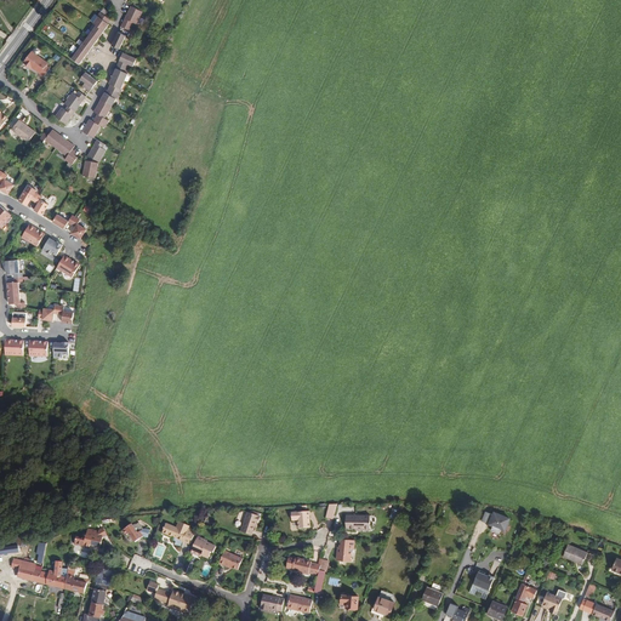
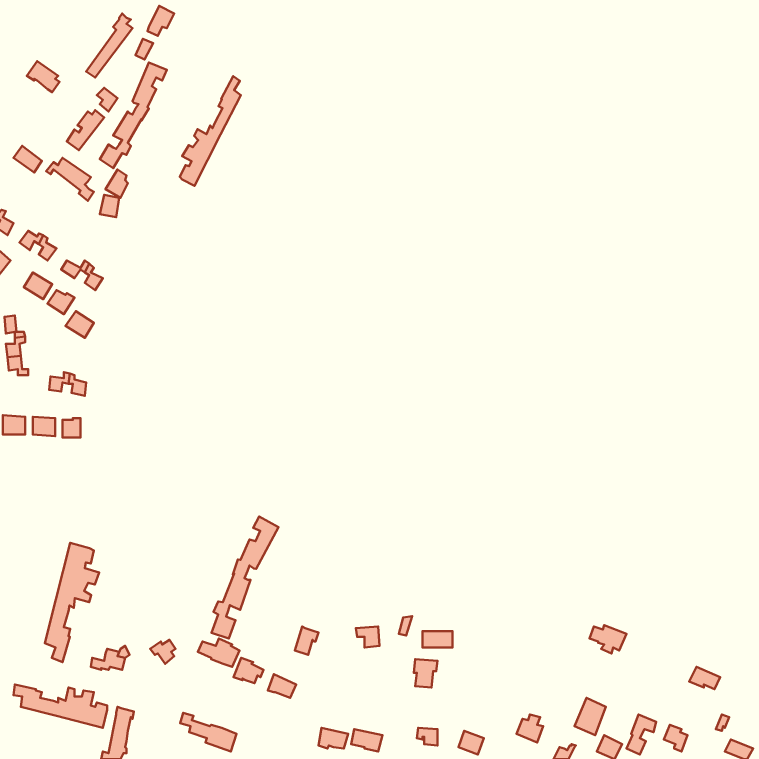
building: none -> [180,76,241,186]
building: none -> [211,517,278,638]
building: none -> [45,543,99,662]
building: [285,557,326,592] -> none

